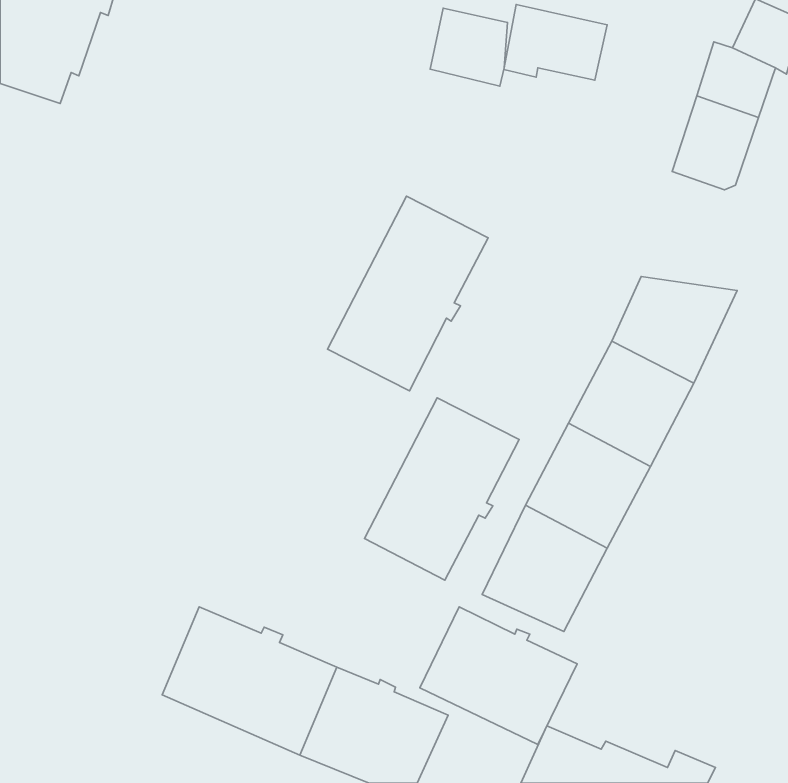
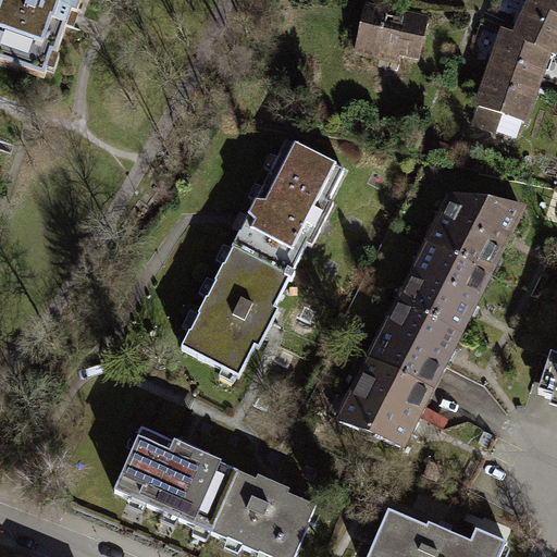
building: [430,8,508,86] -> none
building: [365,398,519,580] -> [181,246,289,374]
building: [420,607,577,745] -> none

